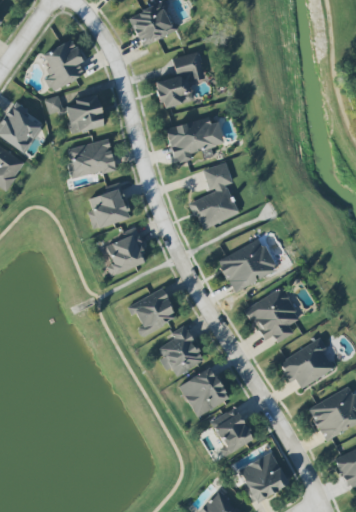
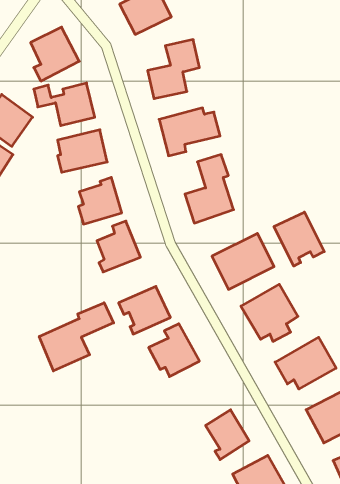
building: none -> [274,212,324,266]
building: none -> [39,303,114,371]
building: [179,367,228,416] -> none

